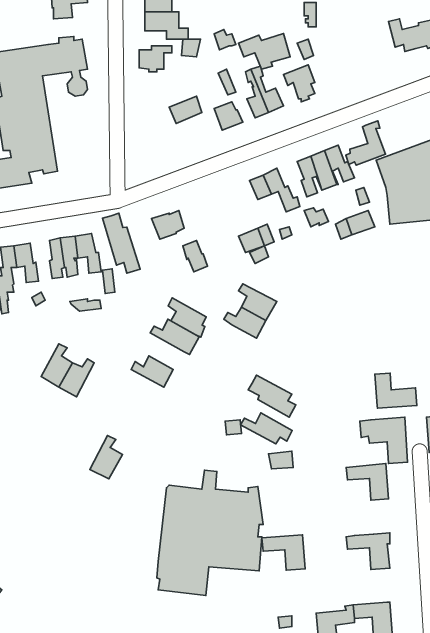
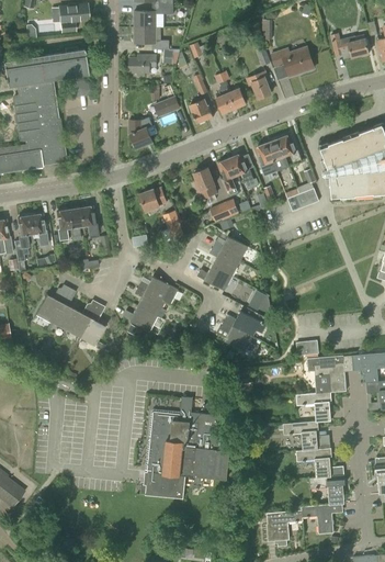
building: [238,34,290,69] -> [271,47,313,76]
building: [346,121,385,165] -> none
building: none -> [128,117,152,148]
building: none -> [193,168,217,200]
building: [102,213,140,273] -> none
building: none -> [213,236,248,261]
building: [168,298,206,337] -> [135,286,166,318]
building: none -> [235,282,271,308]
building: none -> [36,292,65,322]
building: [375,373,417,408] -> none
building: [241,413,292,444] -> [224,311,265,336]
building: [90,435,123,479] -> [79,311,105,346]
building: [262,535,305,570] -> [283,422,318,450]
building: none -> [309,475,344,504]

